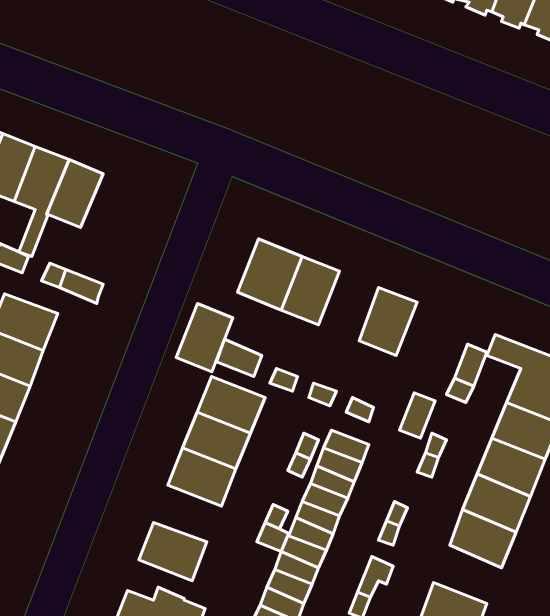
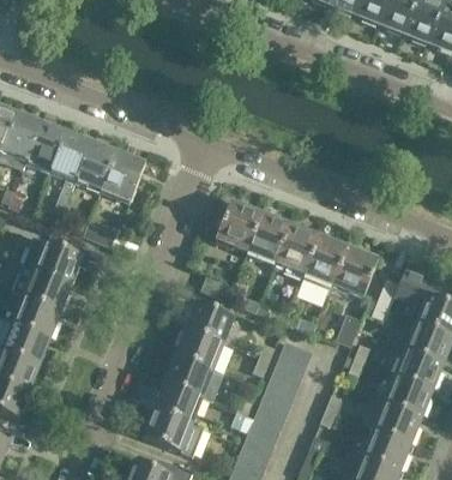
building: none -> [98,151,145,203]
building: none -> [275,223,319,275]
building: none -> [332,246,378,298]
building: [176,303,233,372] -> none
building: none -> [152,382,203,424]
building: none -> [360,426,410,469]

